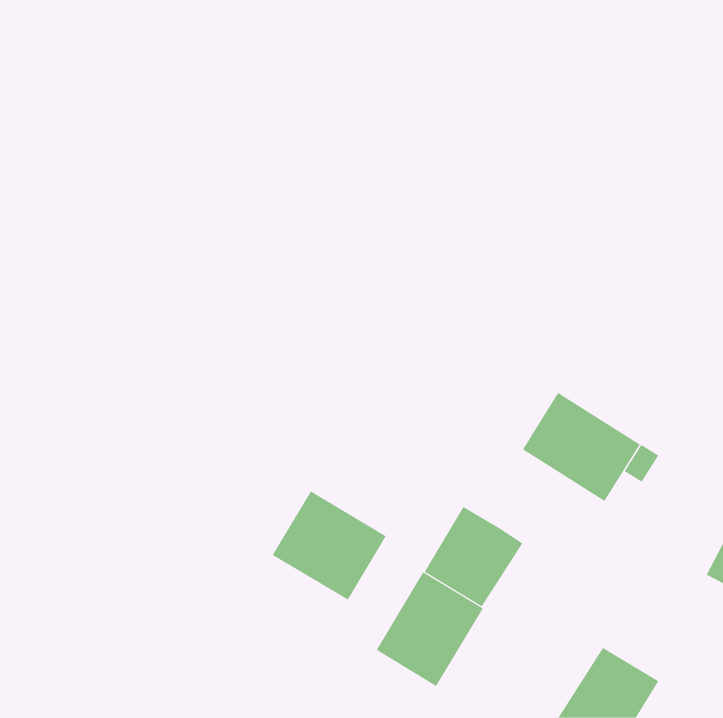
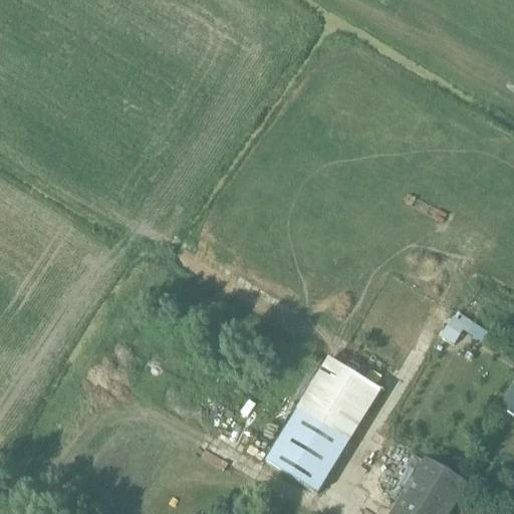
building: [523,392,641,502] -> none
building: [272,491,387,600] -> none

